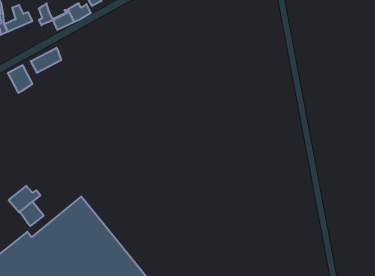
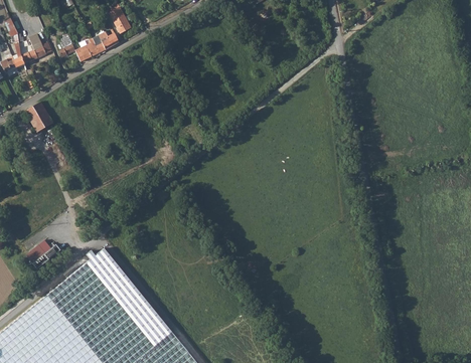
building: [31,48,61,73] -> none
building: [20,202,44,226] -> none

